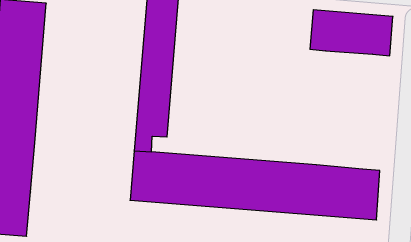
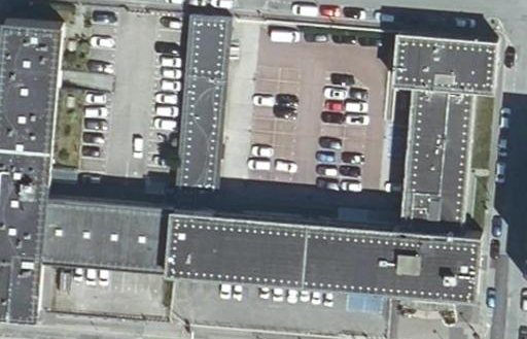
building: none -> [399,89,469,237]
building: none -> [41,204,171,276]

